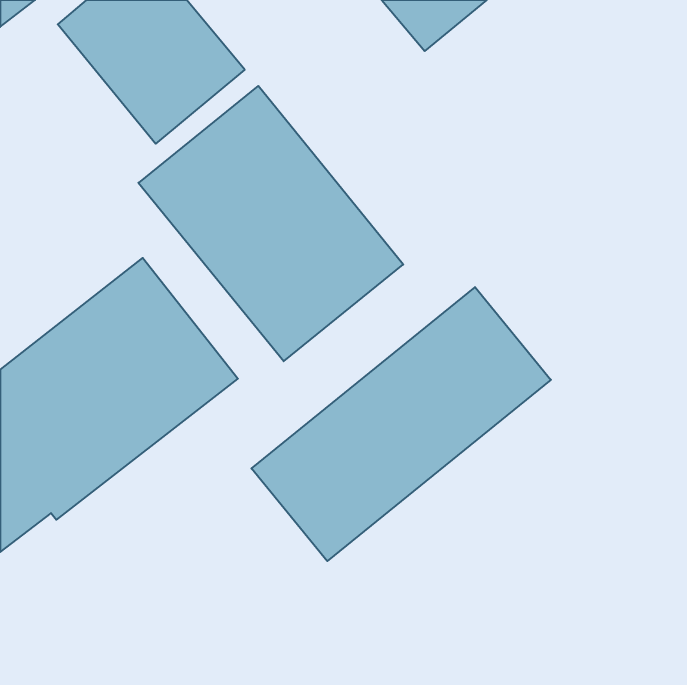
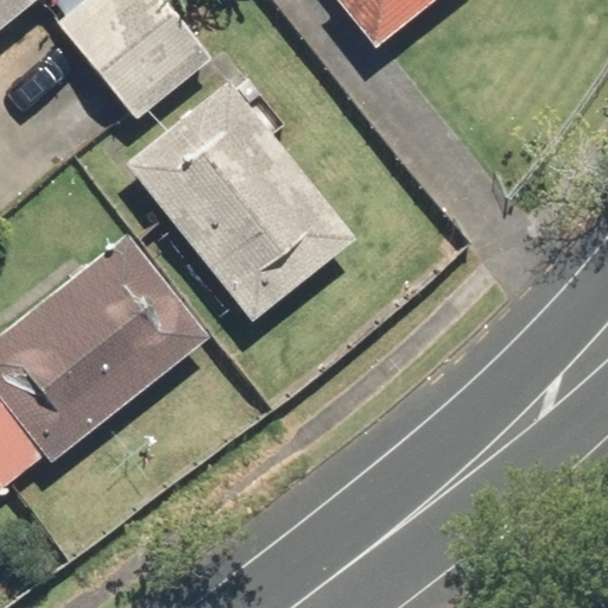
building: [251,287,551,561] -> none

